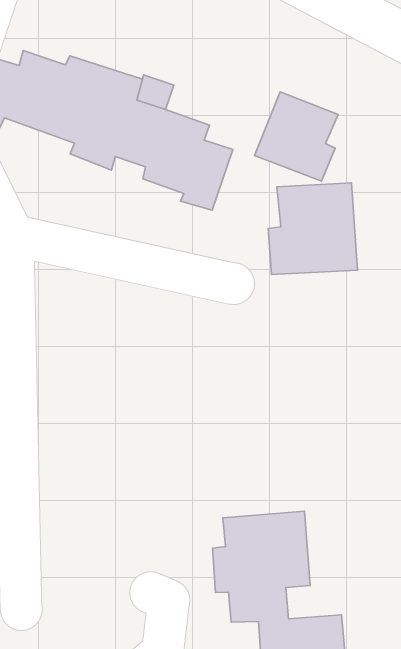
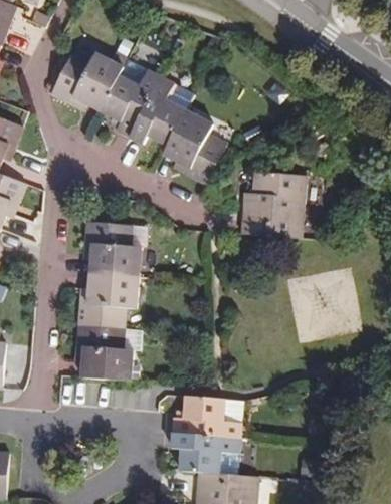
building: [254,92,338,181] -> none
building: none -> [76,219,147,379]

